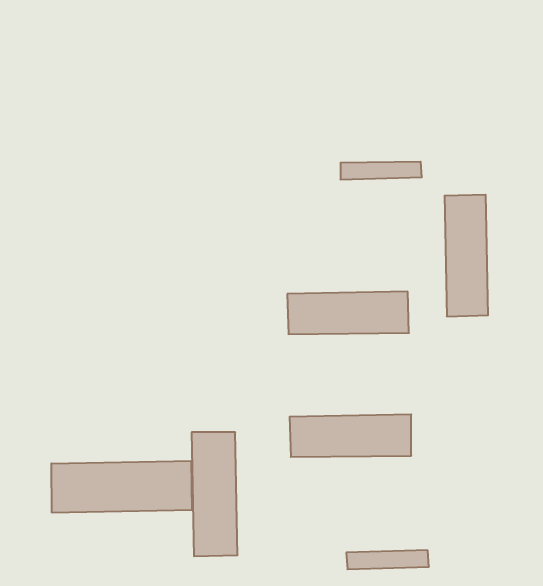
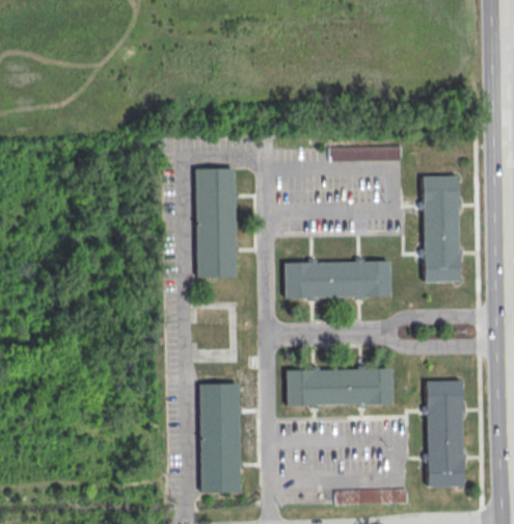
building: none -> [197,168,236,276]
building: none -> [425,379,463,487]
building: [51,461,192,513] -> none

